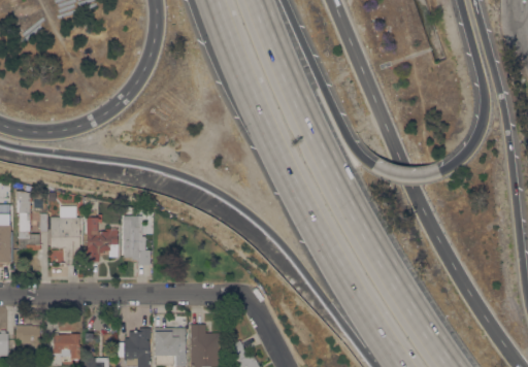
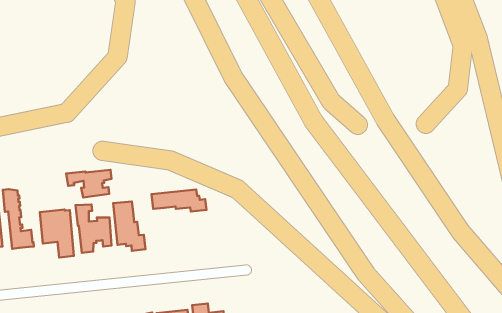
building: none -> [66,170,112,197]
building: none -> [152,189,206,211]

